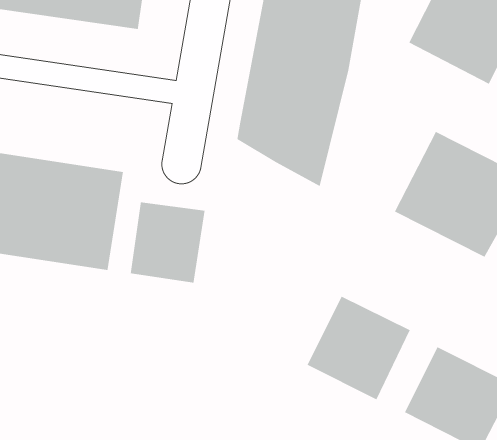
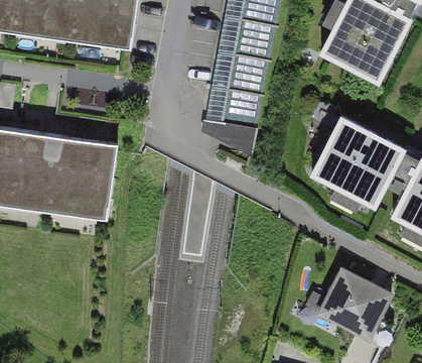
building: [130,201,205,284] -> none
building: [306,296,411,400] -> none

